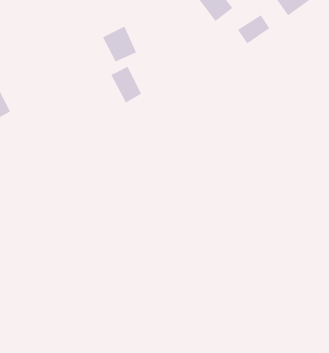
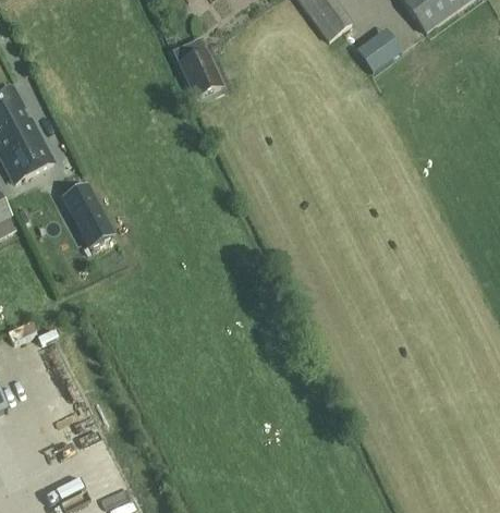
building: [111,66,142,103] -> none
building: none -> [62,181,112,244]

